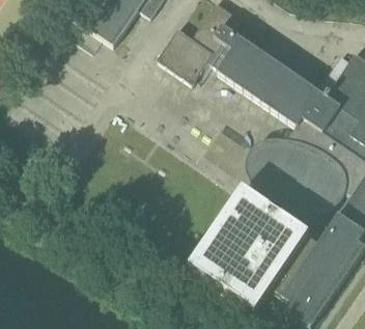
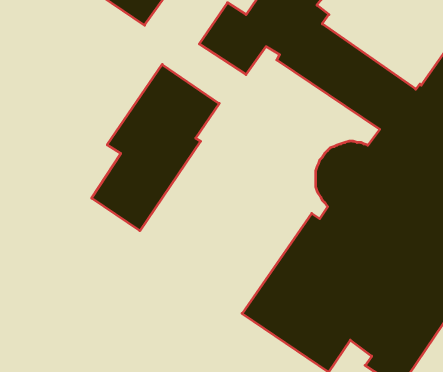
building: none -> [92,64,219,231]

